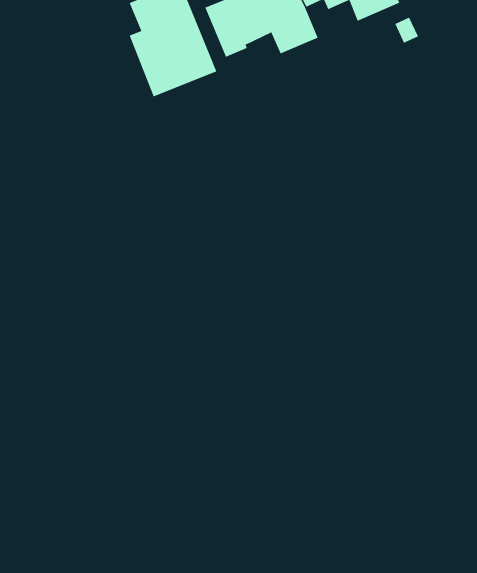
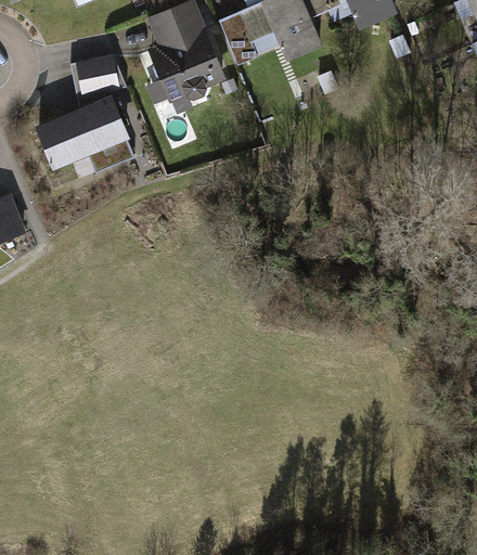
building: none -> [73,51,119,95]
building: none -> [34,94,130,169]

